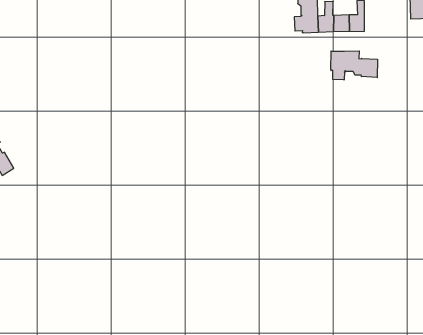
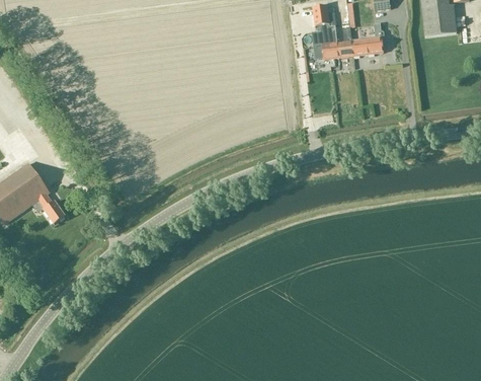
building: [331,51,377,80] -> none

